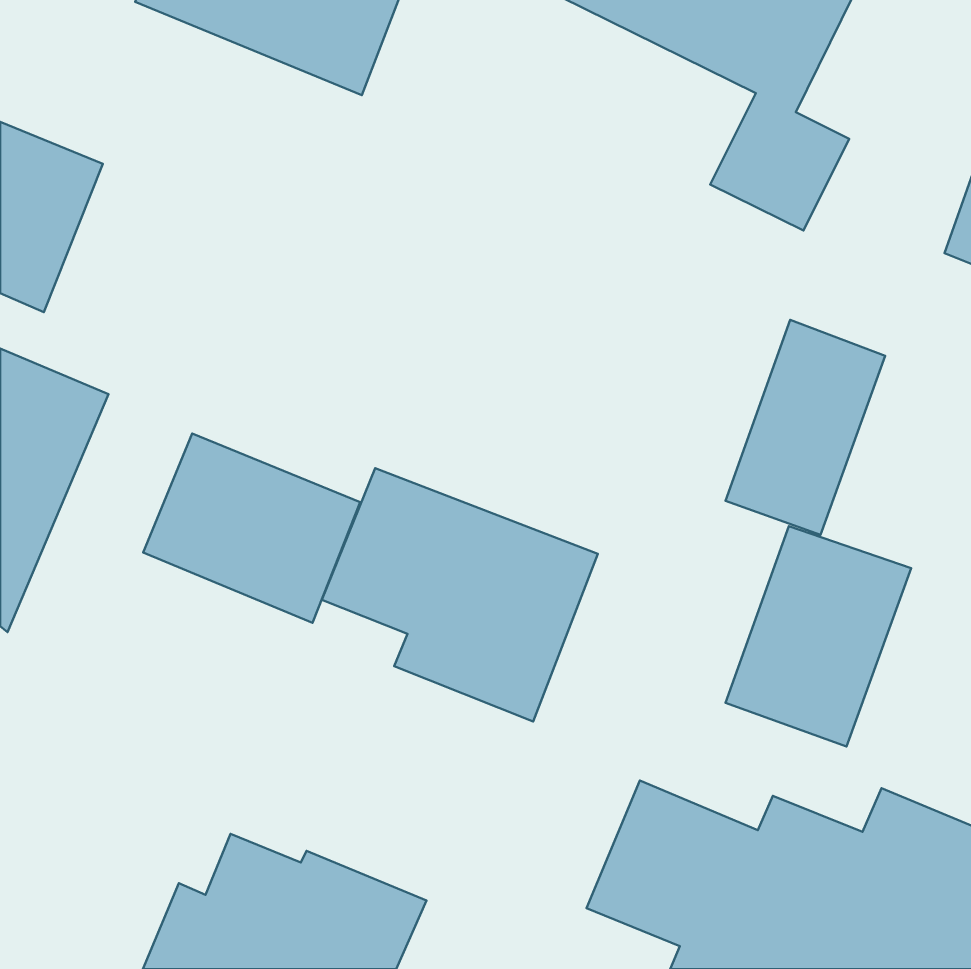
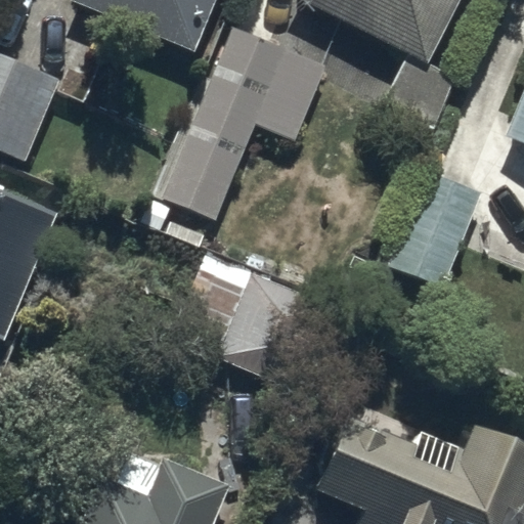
building: none -> [141,32,324,229]
building: [143,433,360,623] -> none
building: [725,526,911,746] -> none

